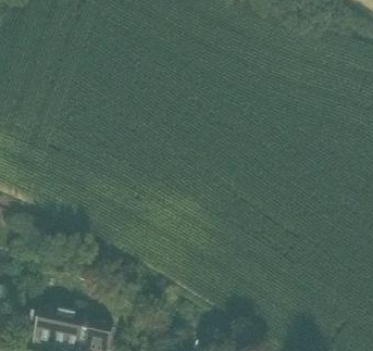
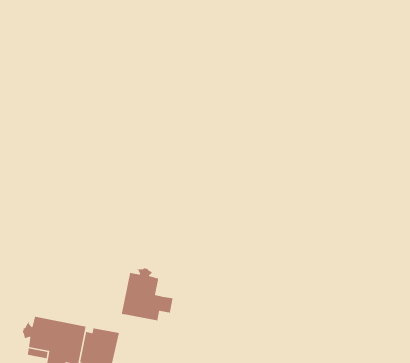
building: none -> [121,267,174,322]

